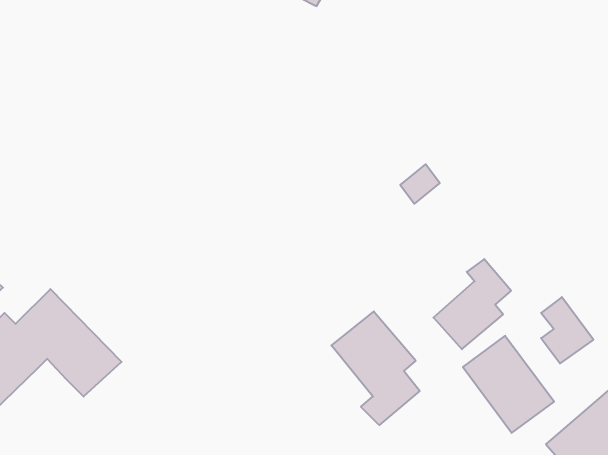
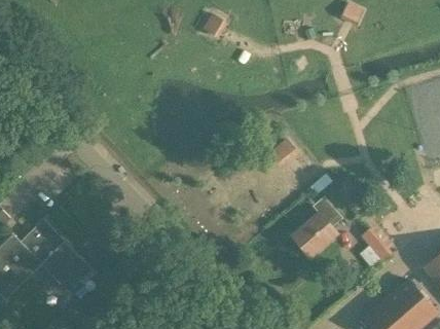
building: [331,311,420,425] -> none
building: [463,336,554,433] -> none

